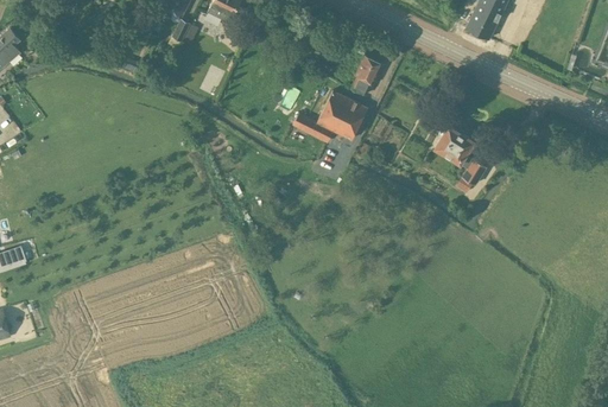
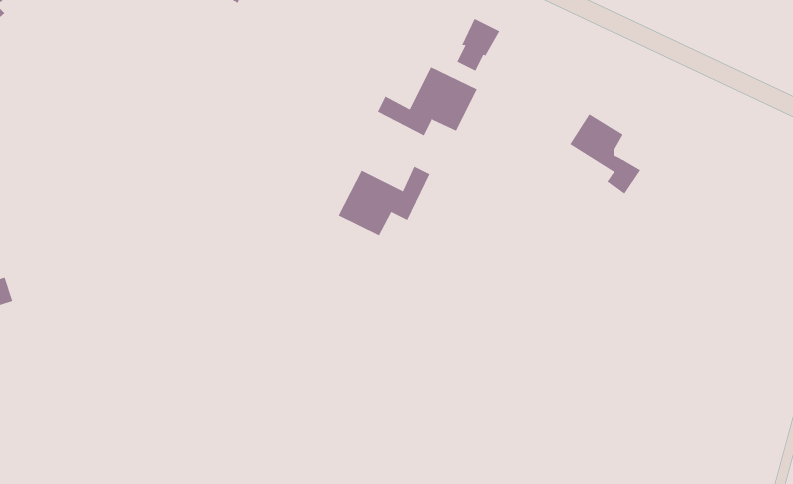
building: none -> [338,166,430,236]

